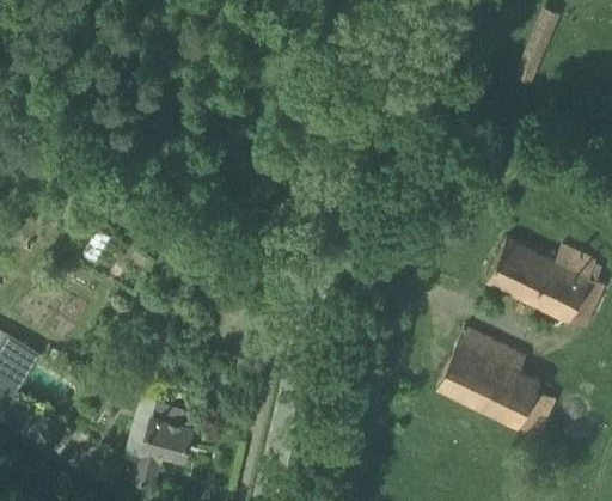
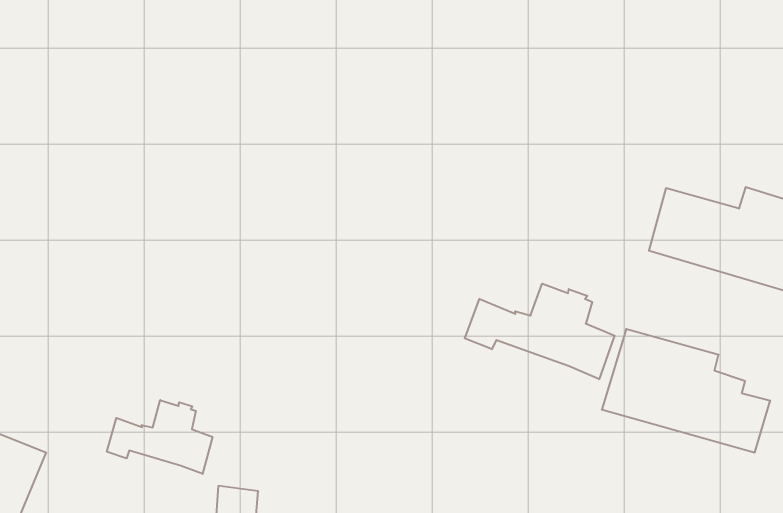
building: none -> [465,284,615,379]
building: none -> [107,400,212,474]

